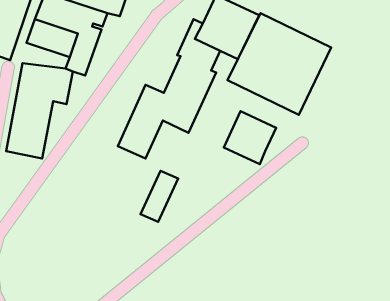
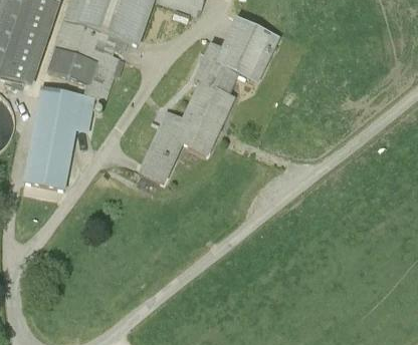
building: [227,13,331,115] -> none
building: [224,111,276,164] -> none
building: [141,171,178,222] -> none

